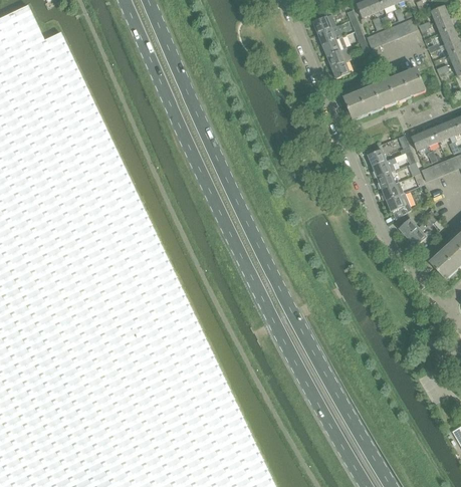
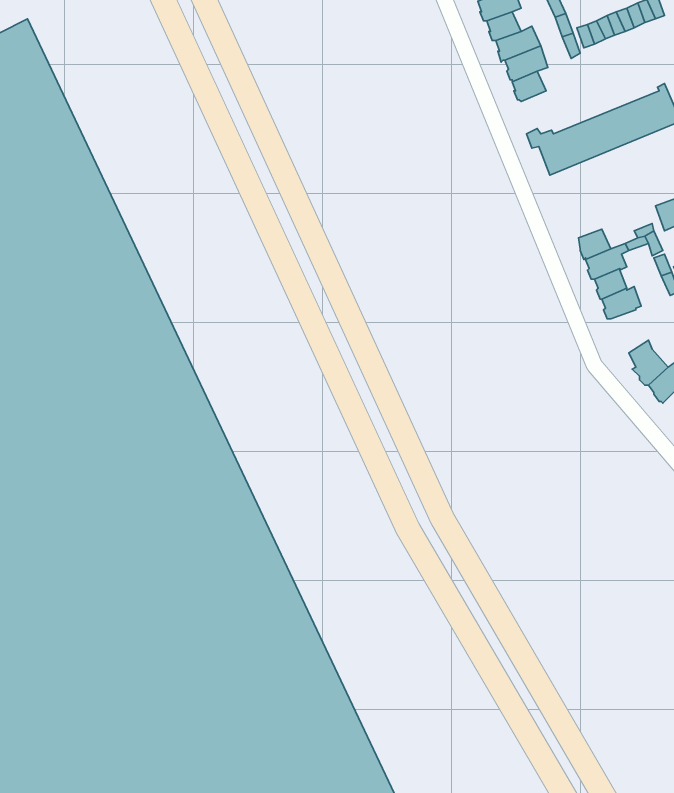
building: [386,193,412,219] -> none

